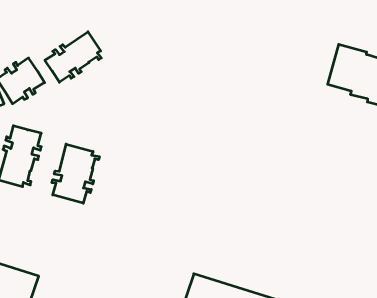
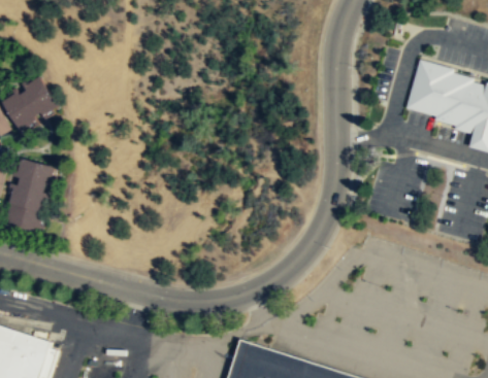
building: [45,32,101,82] -> none
building: [52,144,99,203] -> none

